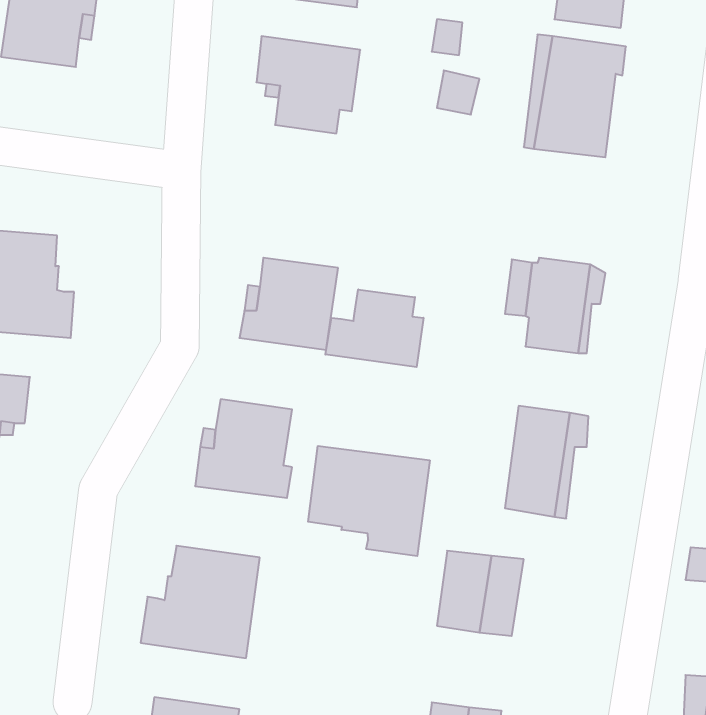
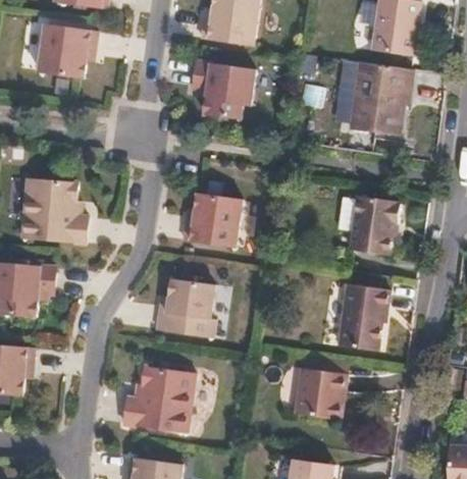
building: [325,289,423,367] -> none
building: [308,446,430,556] -> none

